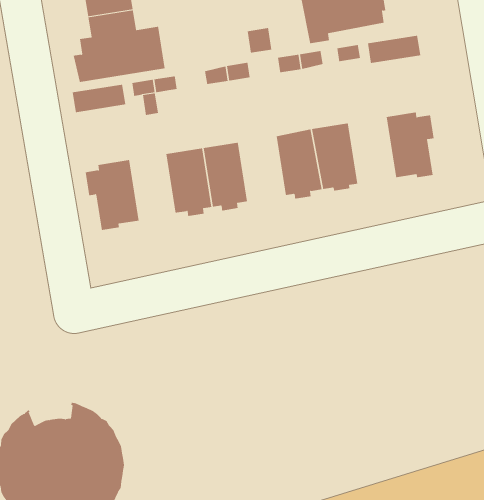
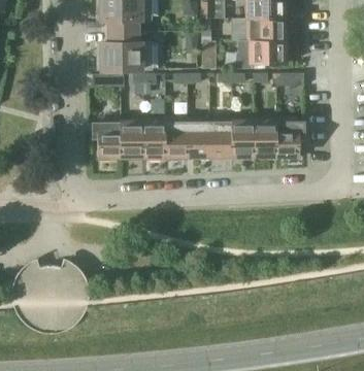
building: none -> [254,119,276,158]
building: none -> [187,120,209,159]
building: none -> [121,120,142,159]

